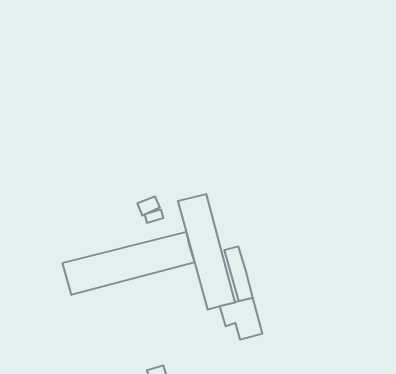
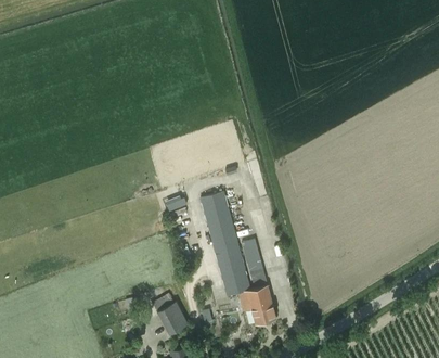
building: [63,232,194,295] -> none
building: none -> [157,302,189,335]

